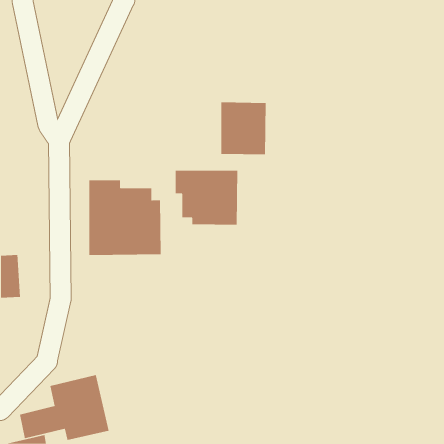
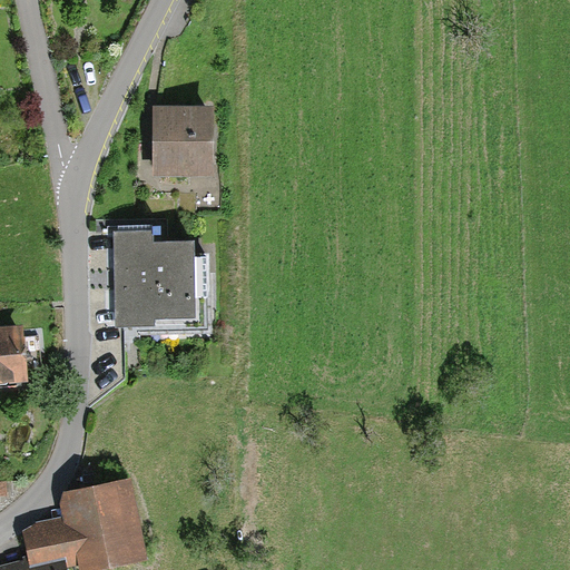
building: [221,102,267,155] -> [153,107,212,175]
building: [175,170,238,226] -> none

